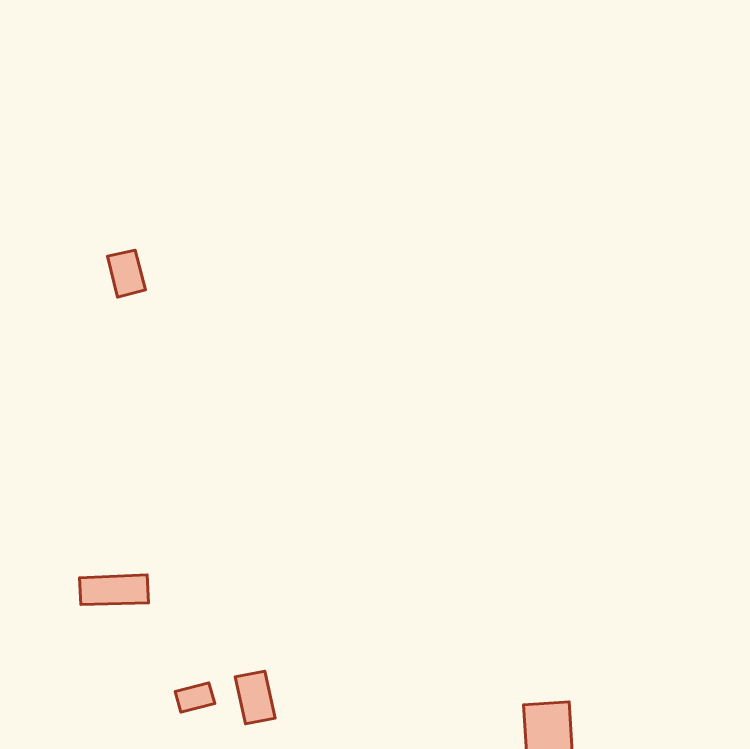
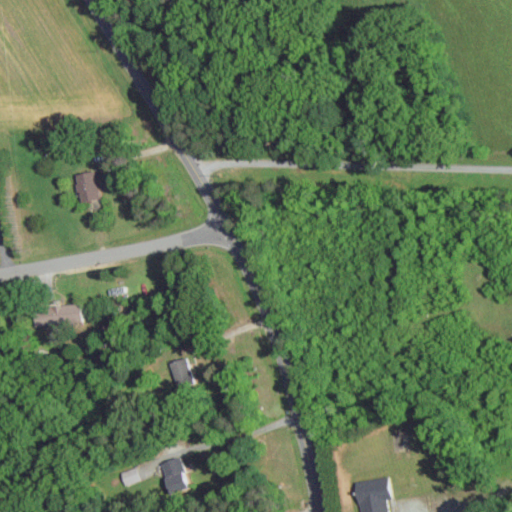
building: none -> [169,359,192,389]
building: [80,575,149,604] -> [32,306,79,326]

